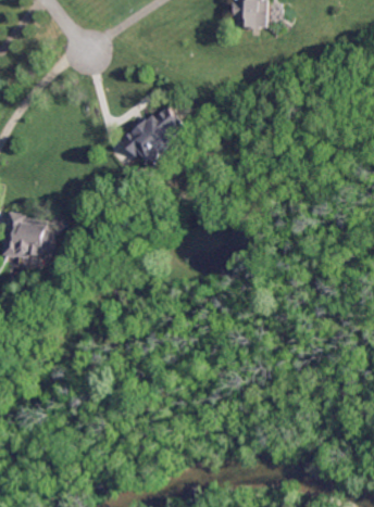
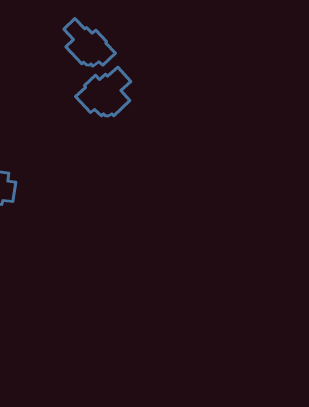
building: none -> [64,19,116,66]

